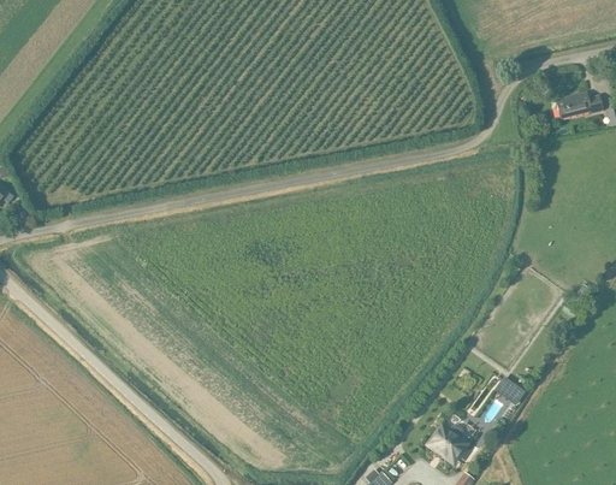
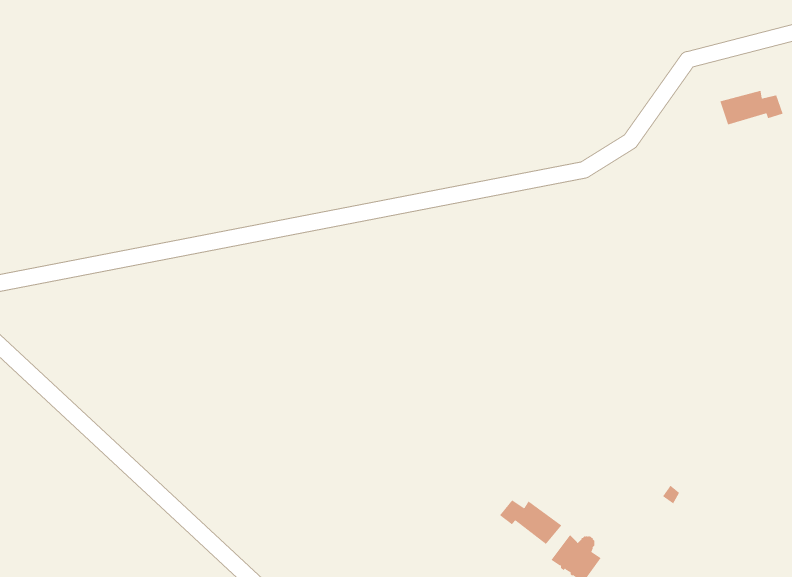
building: none -> [499,500,562,545]

